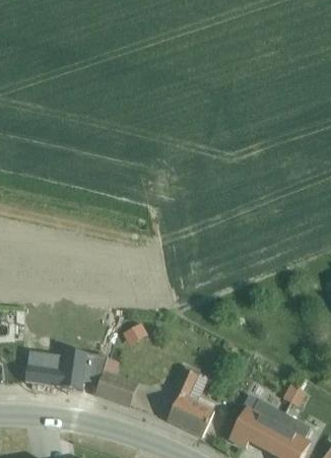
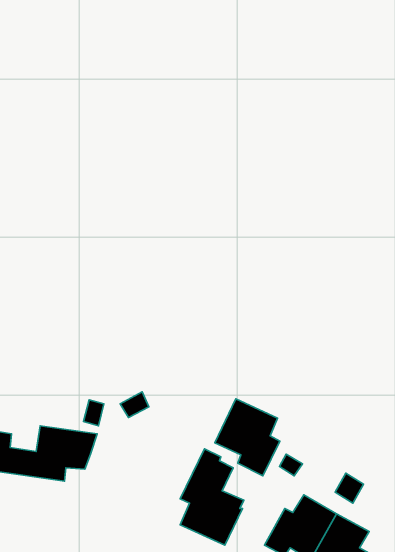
building: none -> [215,399,280,476]
building: [92,370,137,405] -> none

